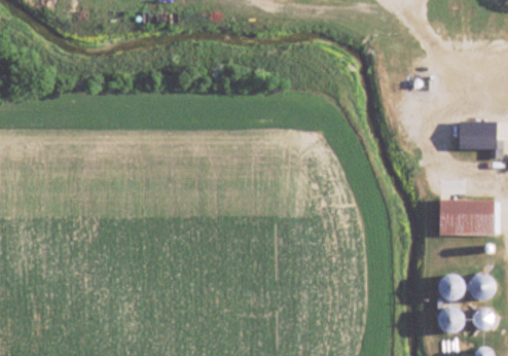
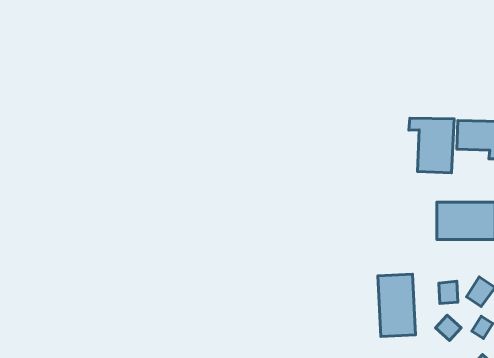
building: none -> [409,118,454,173]
building: none -> [378,274,416,337]

